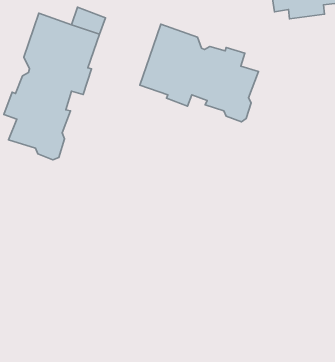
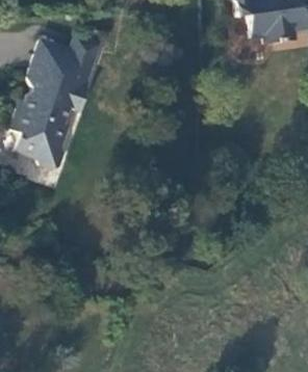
building: [140,24,259,122] -> none

